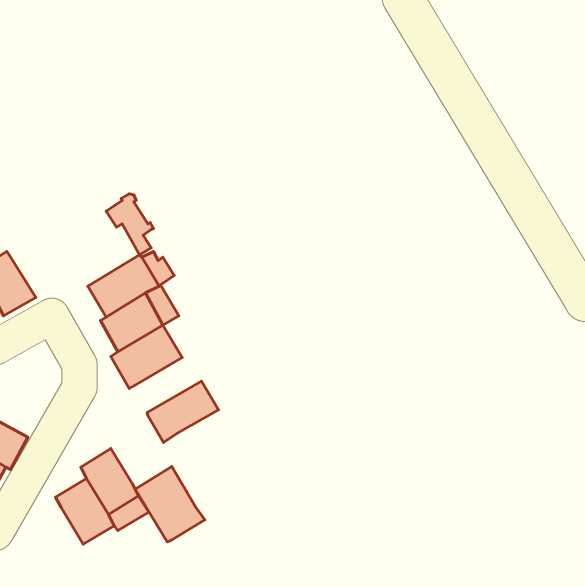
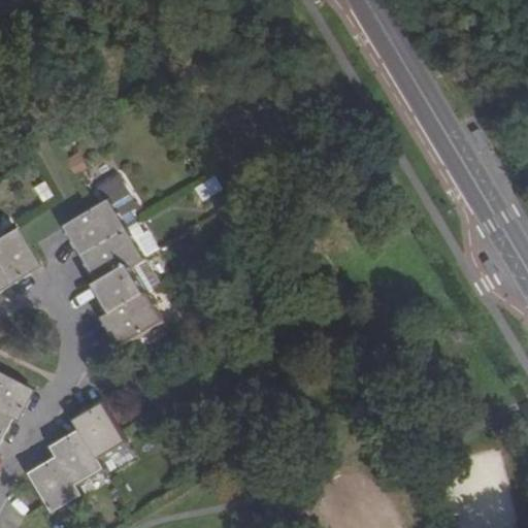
building: none -> [62,200,125,256]
building: [147,381,219,442] -> none
building: [135,466,205,542] -> none
building: none -> [28,454,80,514]

